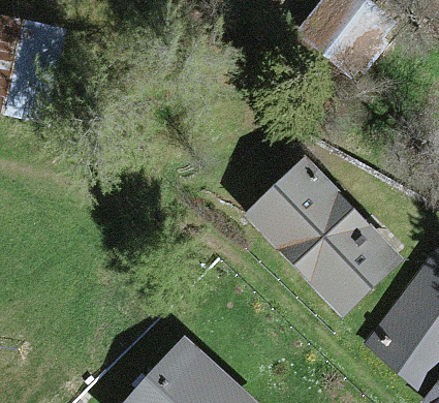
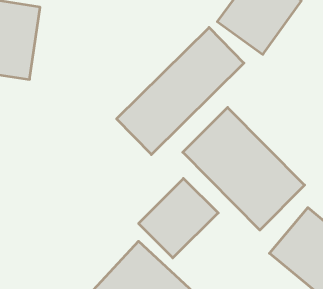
building: none -> [117,27,244,155]
building: none -> [139,178,218,258]

